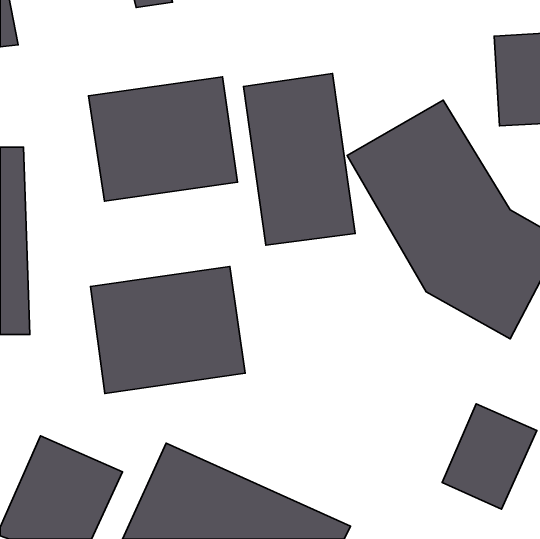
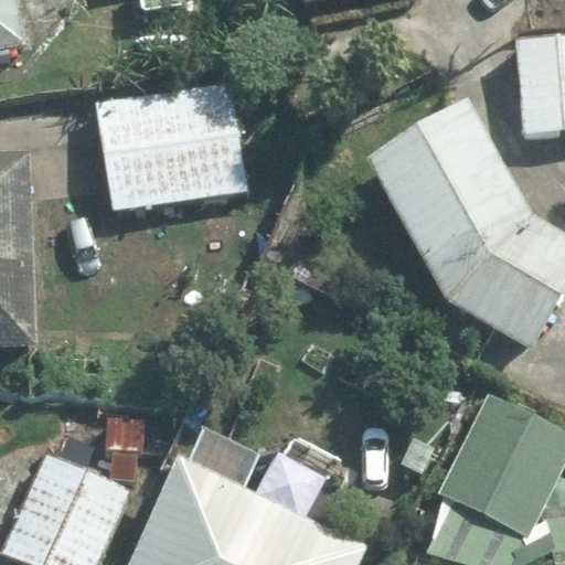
building: [243,74,355,245] -> none
building: [91,267,245,393] -> none

